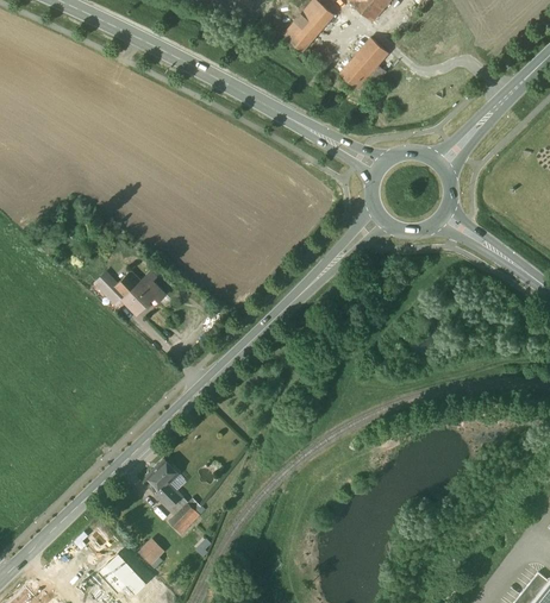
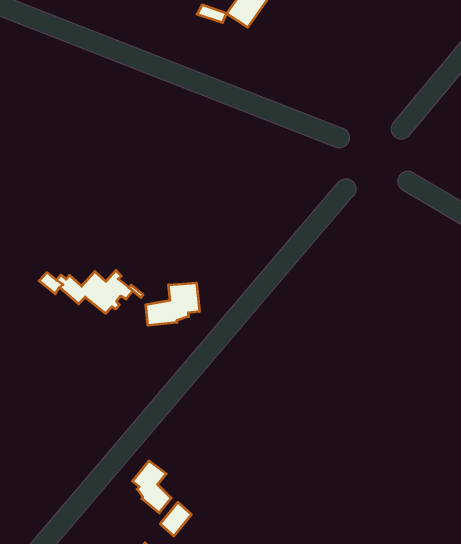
building: [340,38,389,95] -> none
building: none -> [146,283,199,325]

